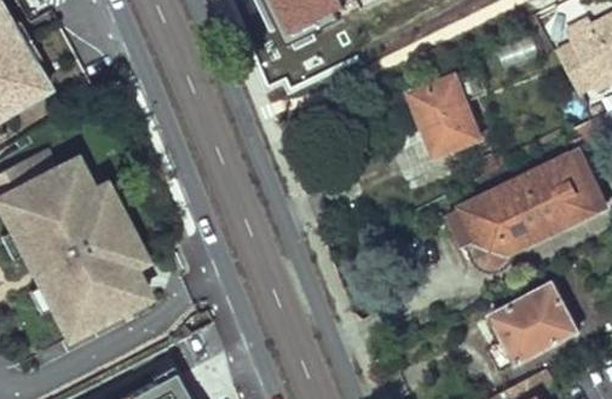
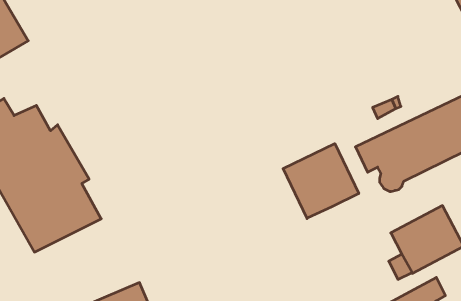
building: [411,76,479,156] -> none
building: none -> [283,144,359,219]

